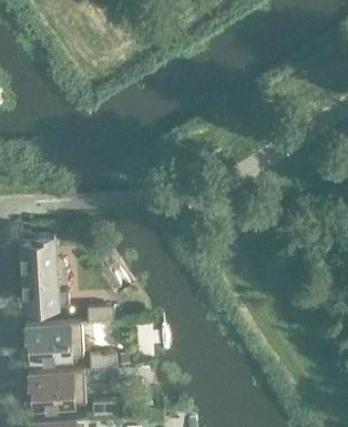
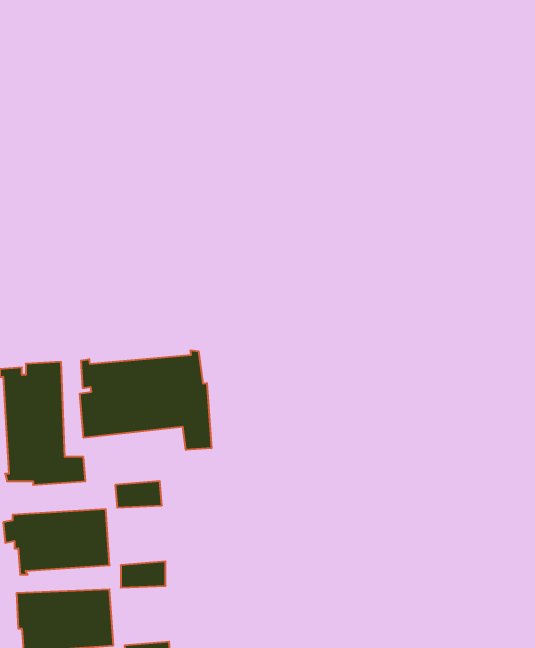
building: none -> [80,350,211,450]

